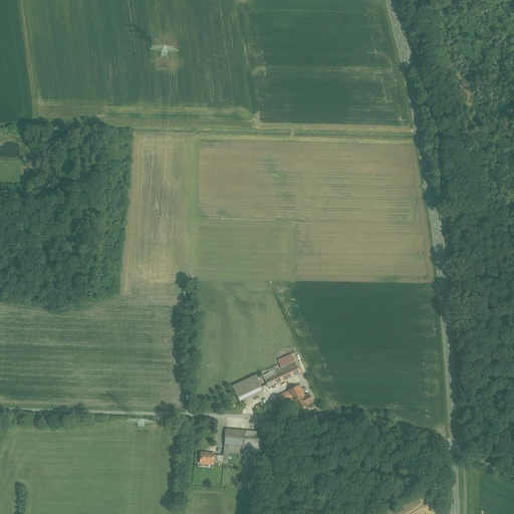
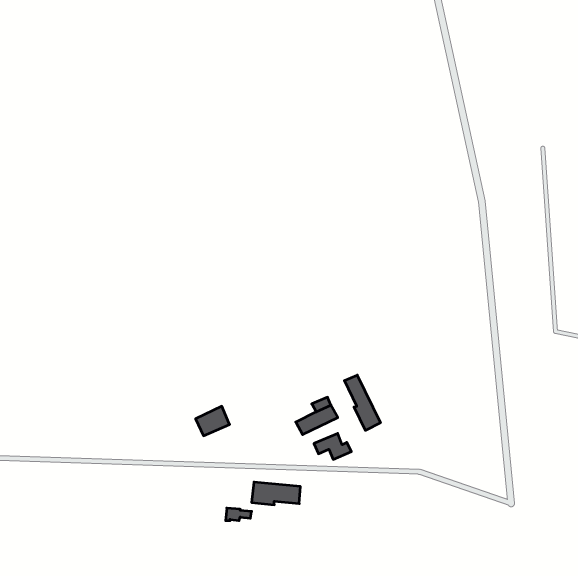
building: none -> [344,375,380,430]
building: [232,373,262,400] -> [196,406,230,436]

